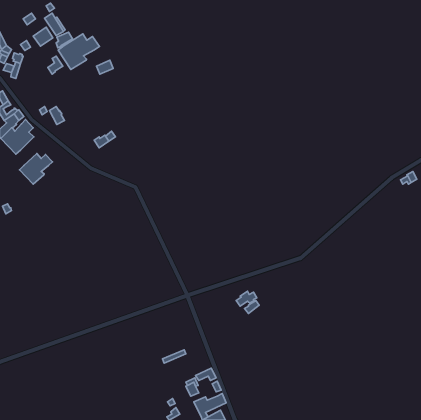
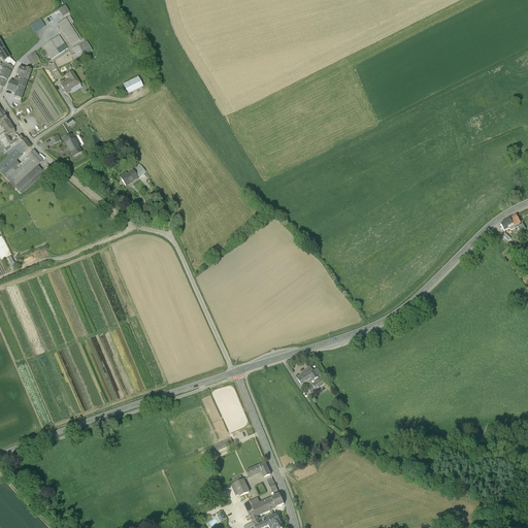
building: [58,34,100,70] -> none
building: [20,154,53,184] -> none

